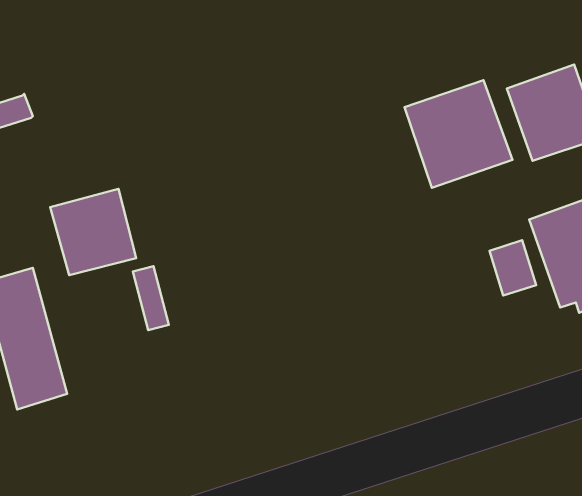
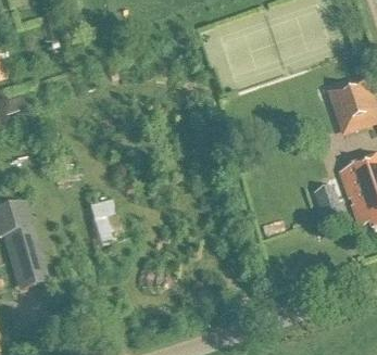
building: [405,80,512,188] -> none
building: [50,189,136,275] -> none

